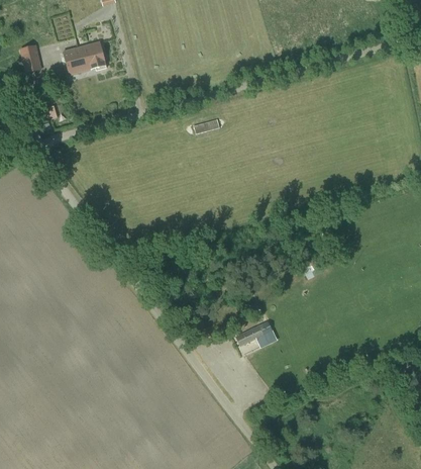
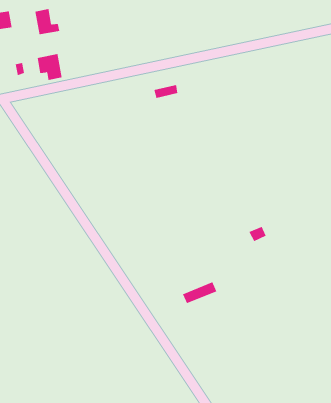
building: [78,39,106,69] -> [37,53,62,81]

